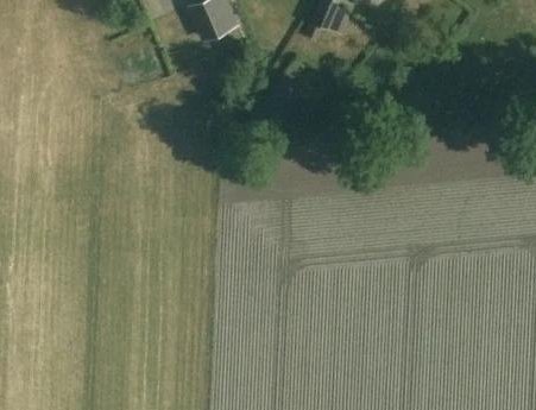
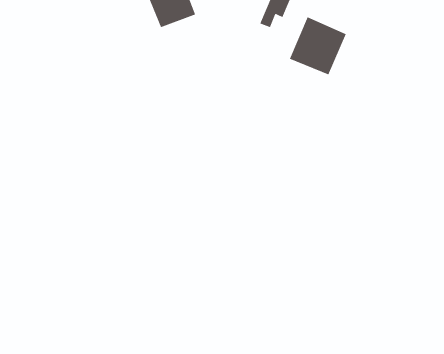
building: none -> [289,16,347,76]

